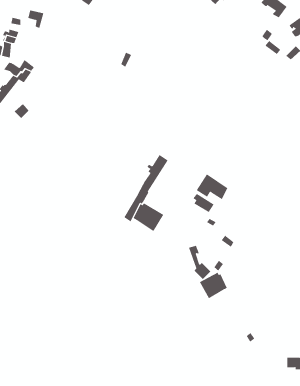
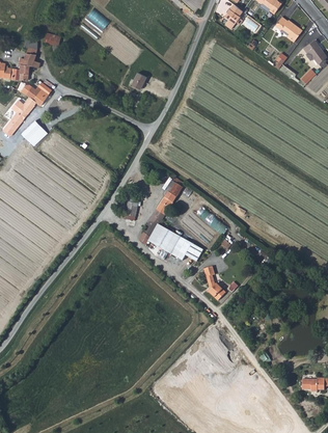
building: [196,174,228,200] -> [169,237,201,263]
building: [199,272,227,299] -> none

